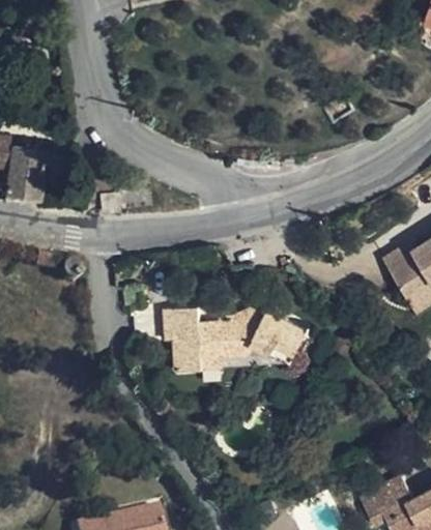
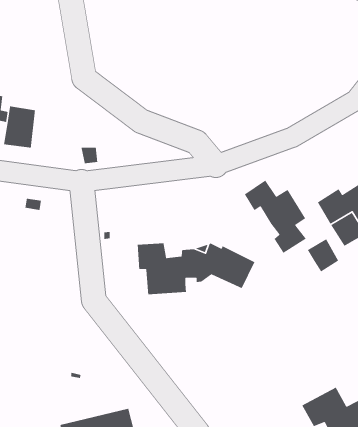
building: none -> [244,180,307,254]
building: none -> [307,238,339,272]

